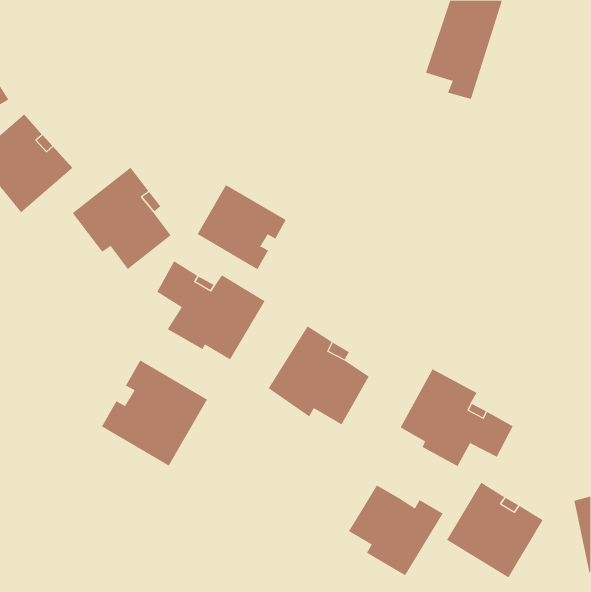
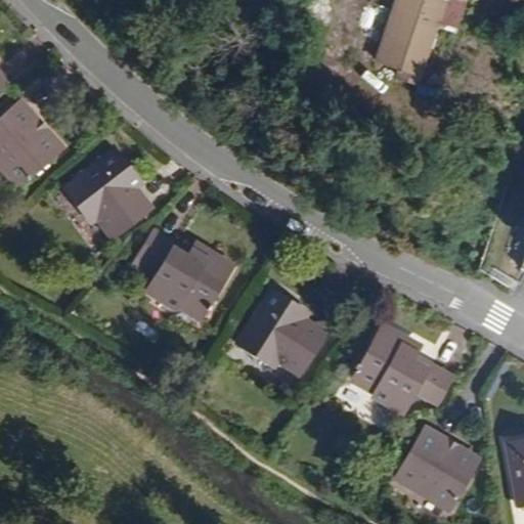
building: [197,184,287,270] -> none
building: [101,360,208,467] -> none
building: [348,485,444,576] -> none

